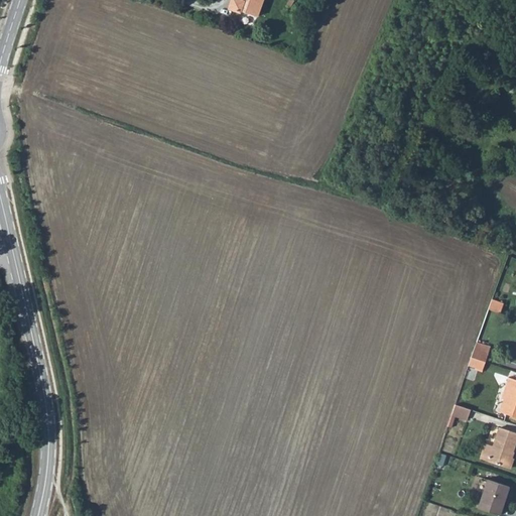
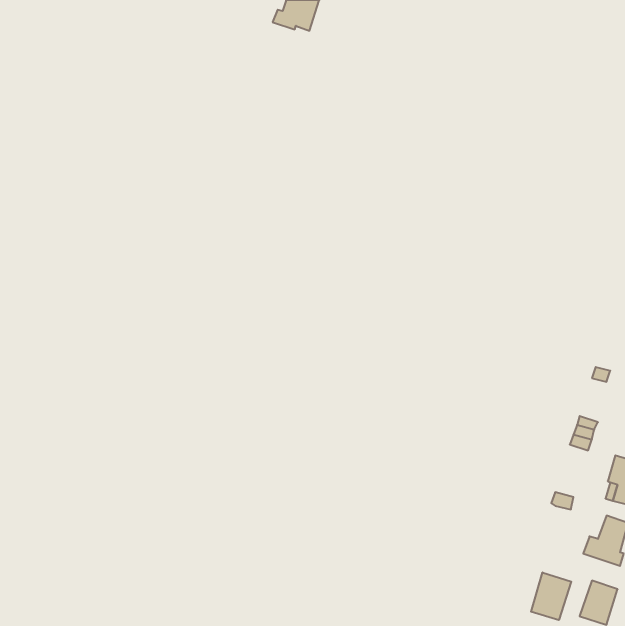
building: none -> [531,572,571,620]

